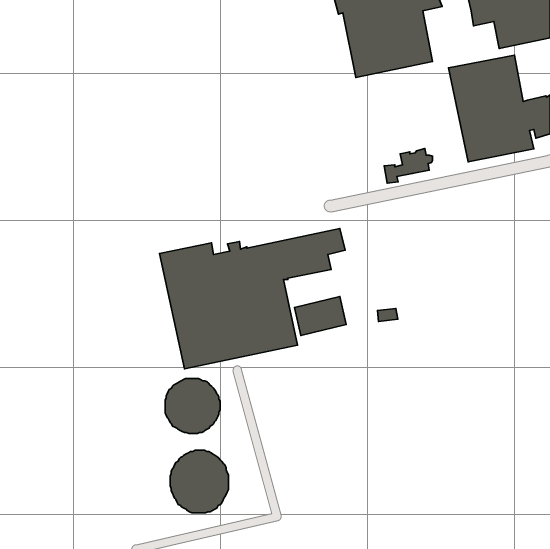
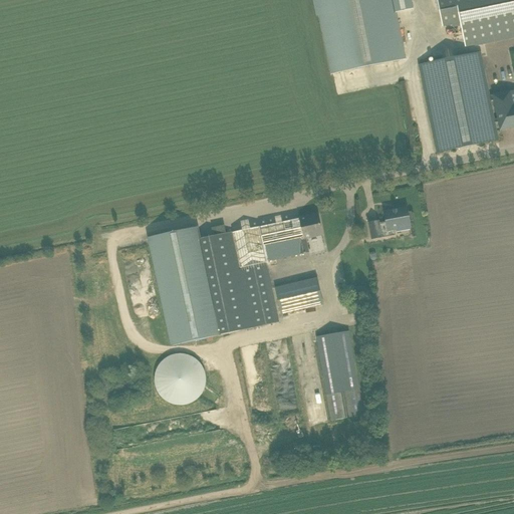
building: [384,149,433,183] -> [367,205,413,237]
building: none -> [315,329,362,419]
building: [170,450,228,513] -> none

